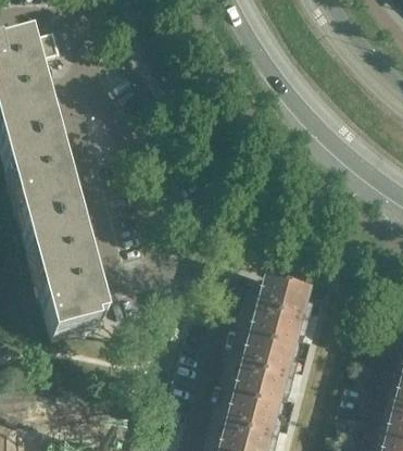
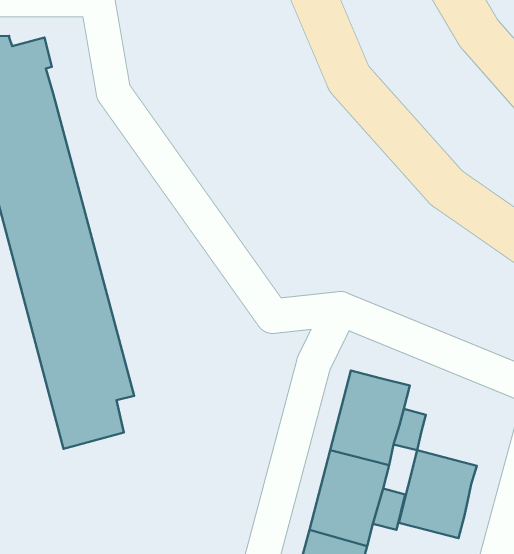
building: none -> [399,450,477,538]

